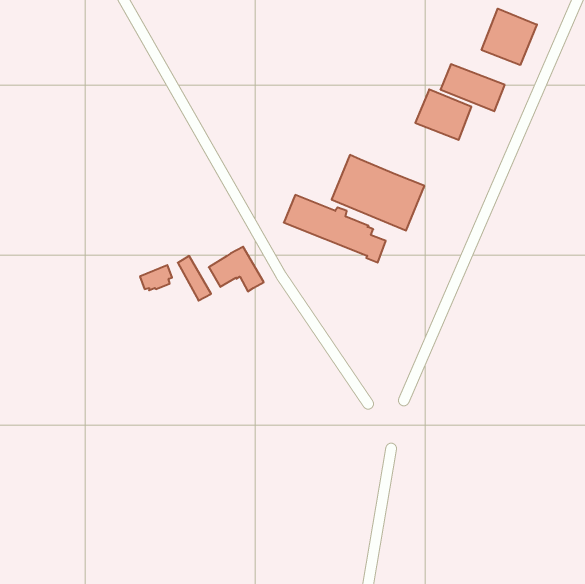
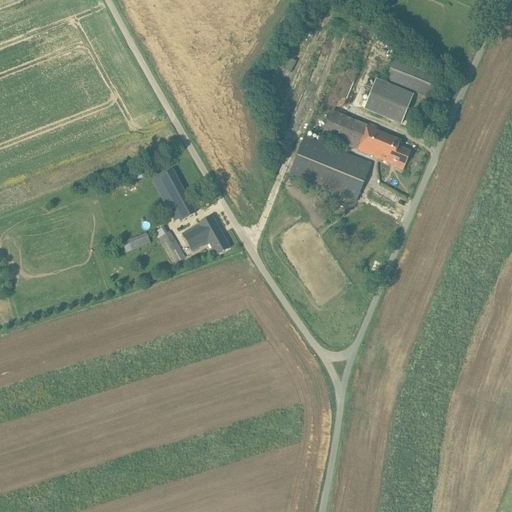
building: [482,9,537,65] -> none
building: none -> [154,169,196,220]
building: [284,195,386,263] -> [321,110,410,169]

